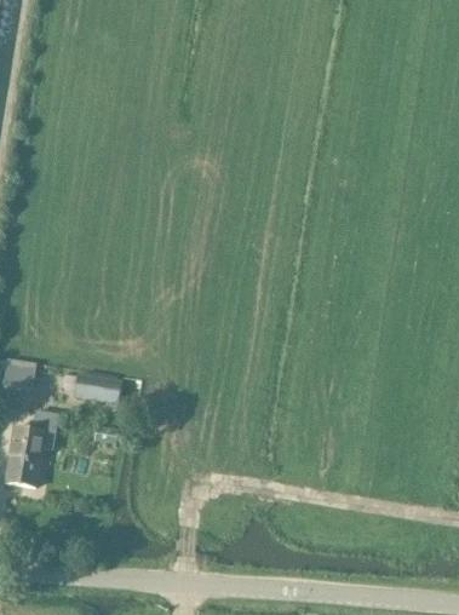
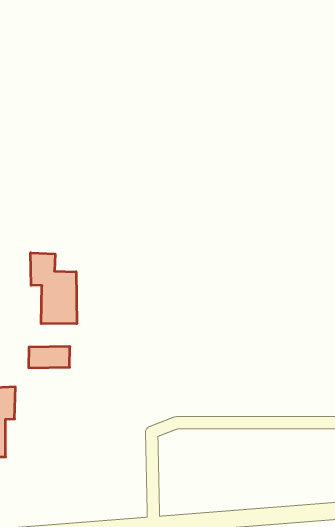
building: none -> [31,253,77,324]

